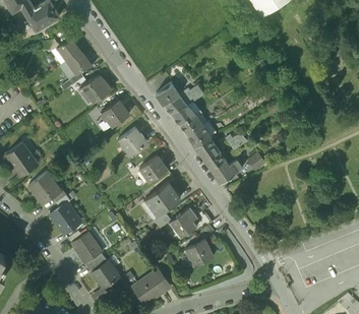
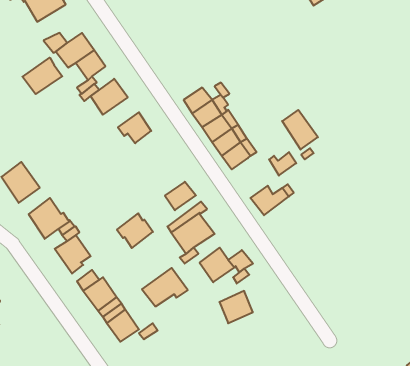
building: none -> [22,58,62,94]
building: [118,130,147,159] -> [117,213,153,248]
building: [195,141,225,174] -> [282,110,318,150]
building: [132,275,170,307] -> [142,268,188,306]

